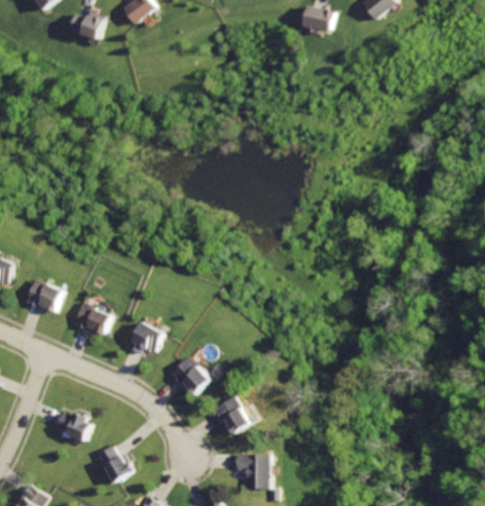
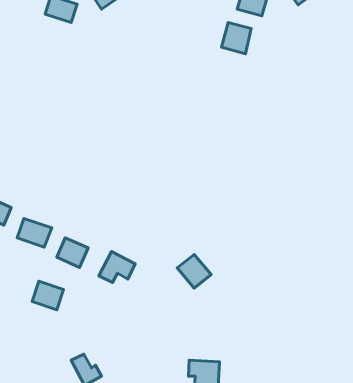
building: none -> [221,22,251,54]
building: [173,357,214,398] -> [177,254,211,288]
building: [216,399,253,438] -> none
building: [52,407,90,442] -> [32,281,63,310]

